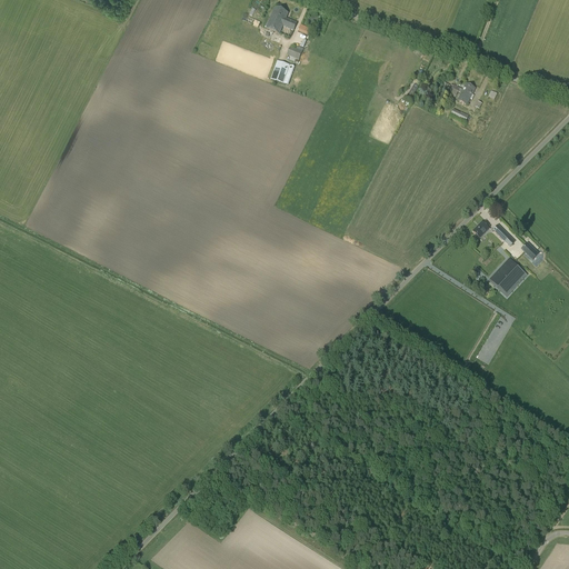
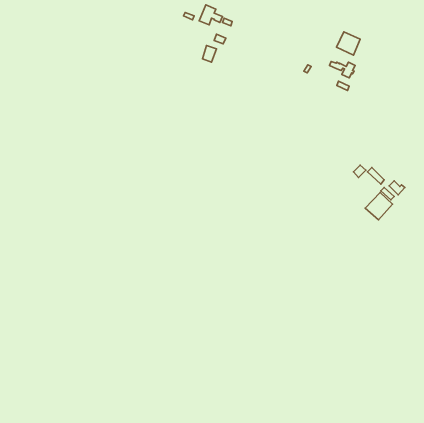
building: none -> [337,32,360,55]

